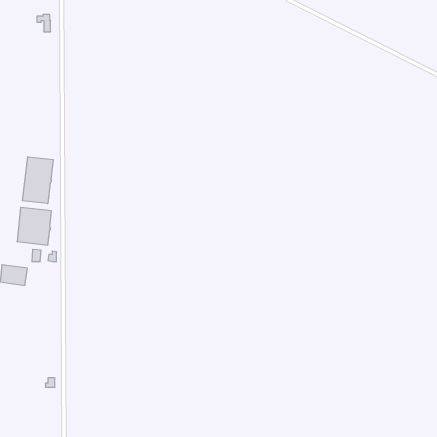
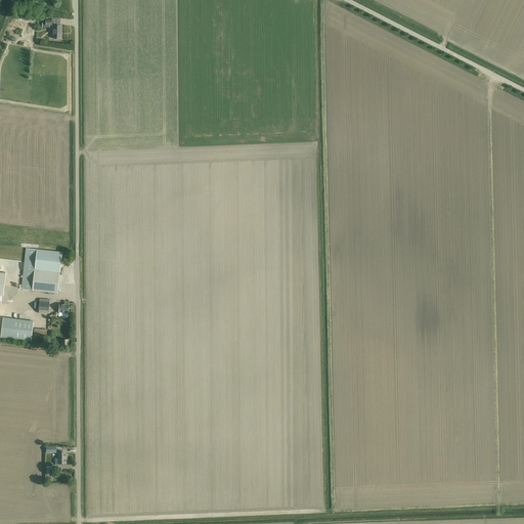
building: [23,157,53,204] -> none

